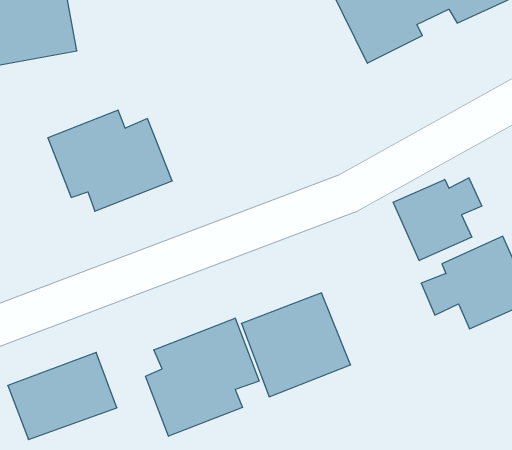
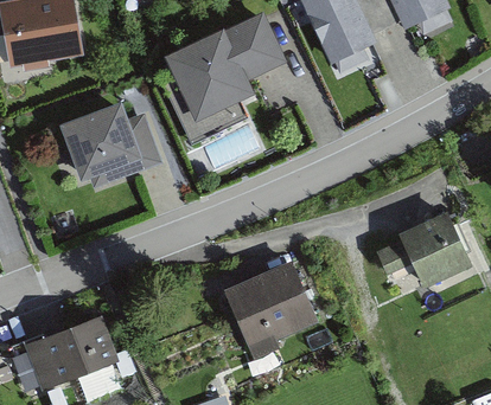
building: none -> [165,18,286,123]
building: [393,178,482,261] -> none
building: [145,318,259,436] -> none

